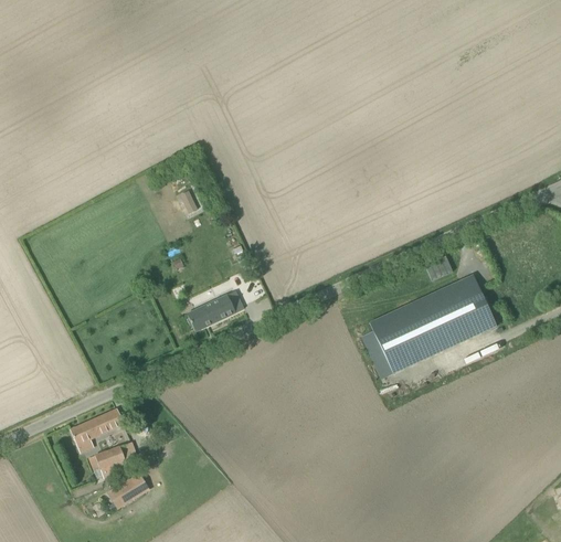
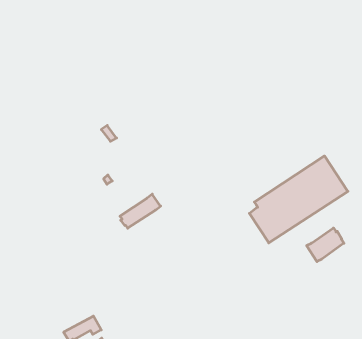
building: none -> [307,228,344,262]
building: [71,408,123,451] -> none

